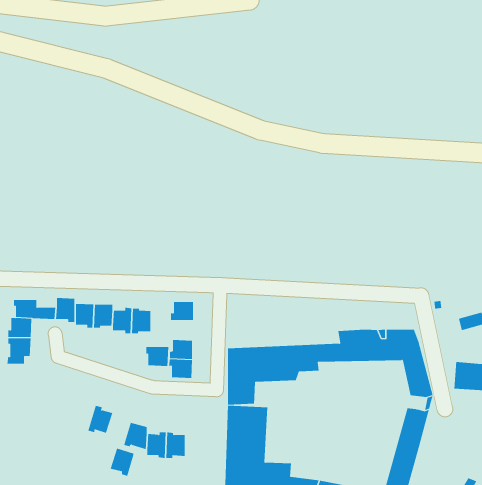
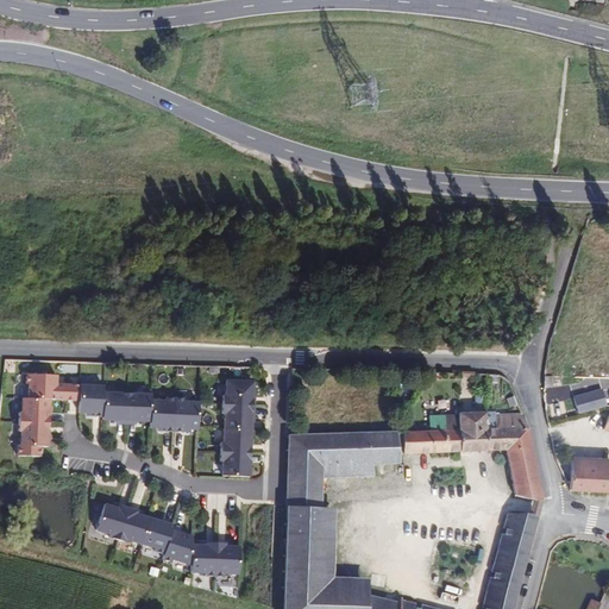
building: [145,347,169,366] -> [218,402,247,427]
building: none -> [93,504,124,540]
building: [110,448,134,476] -> [138,517,169,553]

